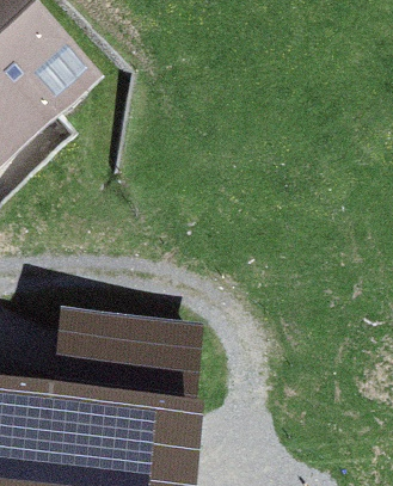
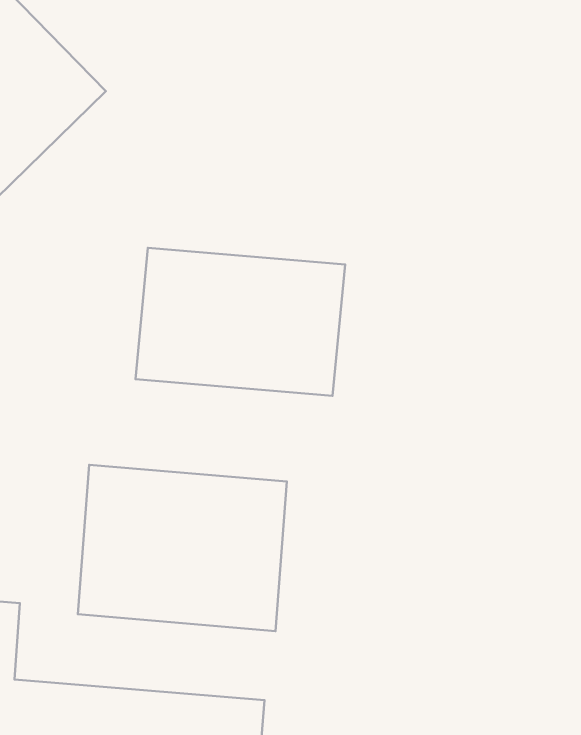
building: none -> [135,248,345,396]

